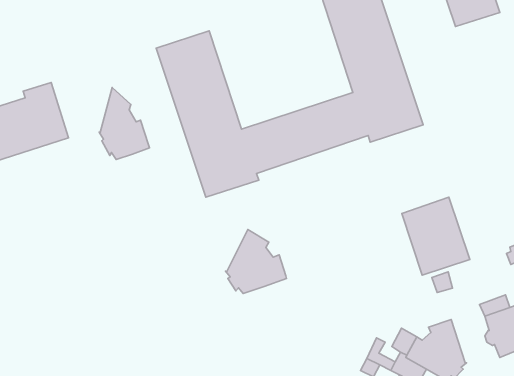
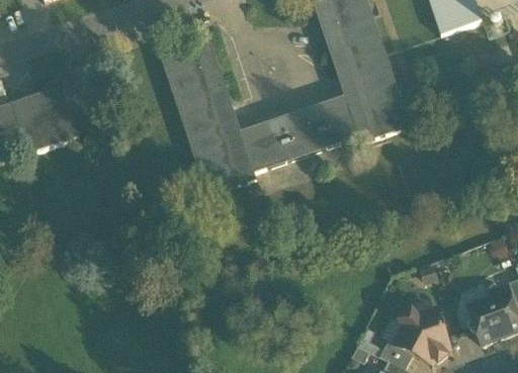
building: [99,88,150,159] -> none
building: [402,197,470,275] -> none
building: [226,230,287,293] -> none

